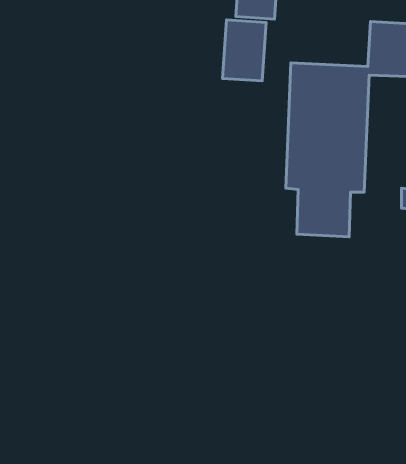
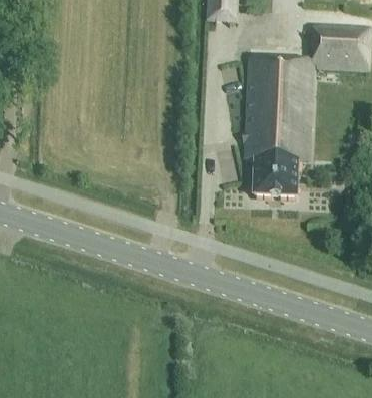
building: [223,20,266,81] -> none

